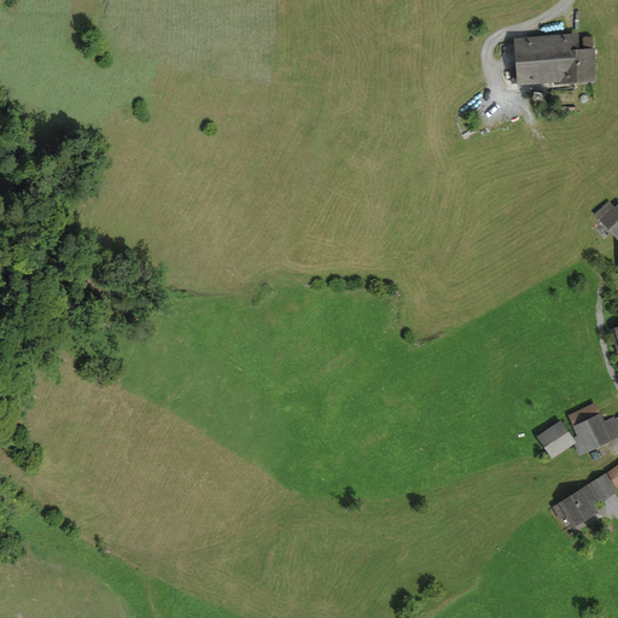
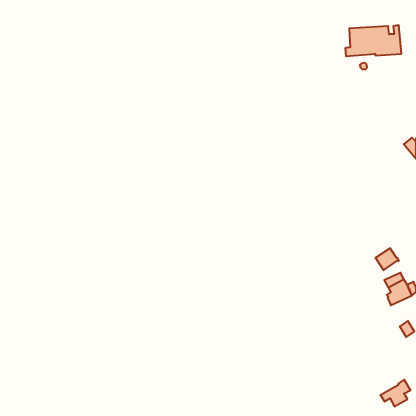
building: [541,422,576,455] -> [375,248,399,270]
building: [554,484,599,524] -> [380,380,411,406]

